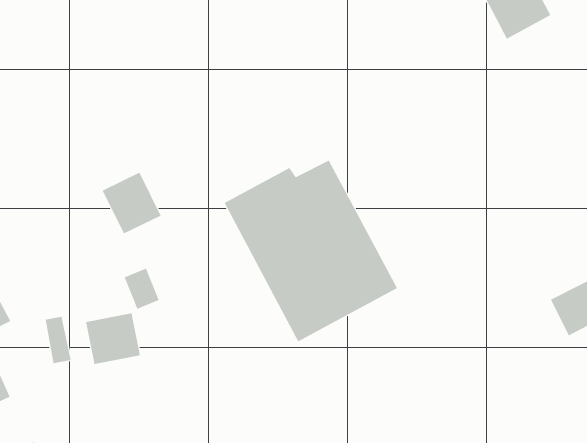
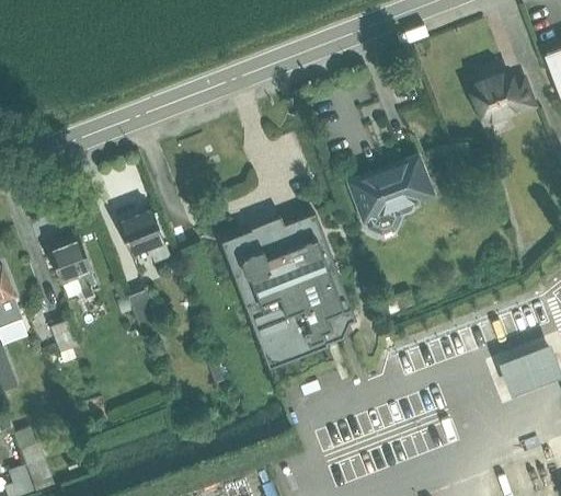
building: none -> [346,154,435,228]
building: none -> [50,237,94,289]
building: [86,313,140,365] -> none

